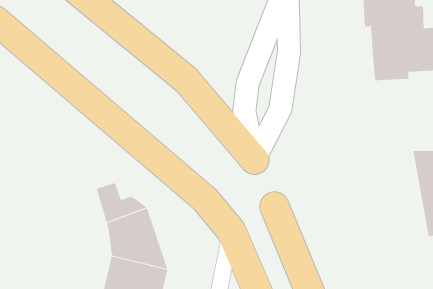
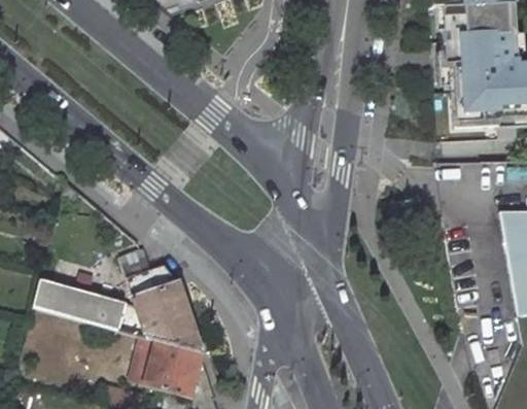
building: none -> [35,279,140,336]

